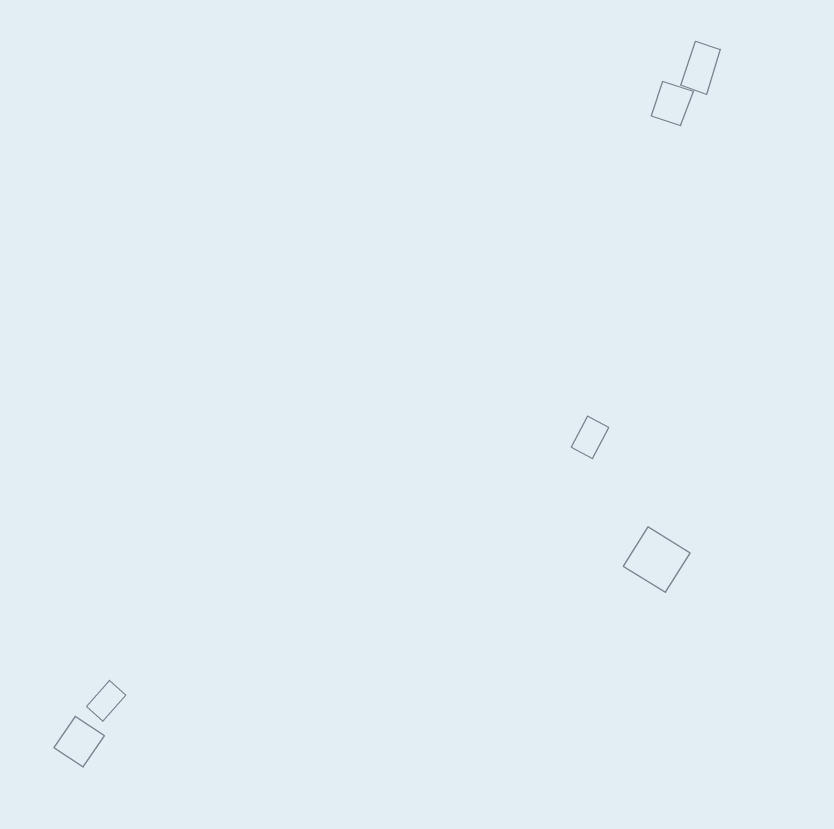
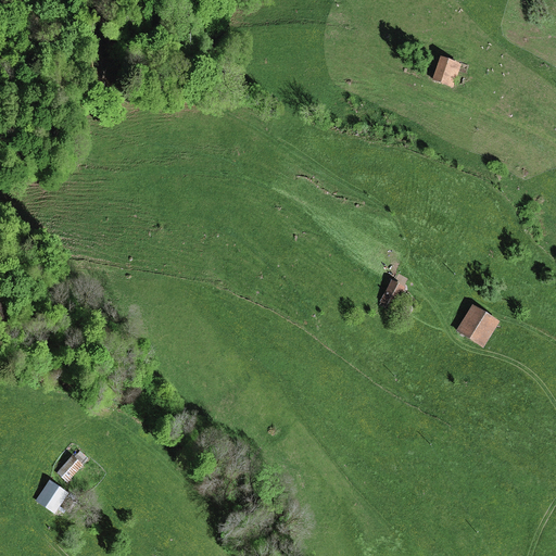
building: [681,41,720,94] -> none
building: [623,527,690,592] -> [453,304,497,348]

